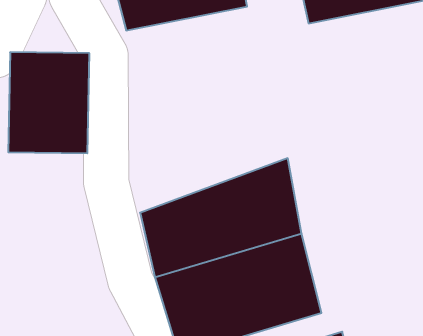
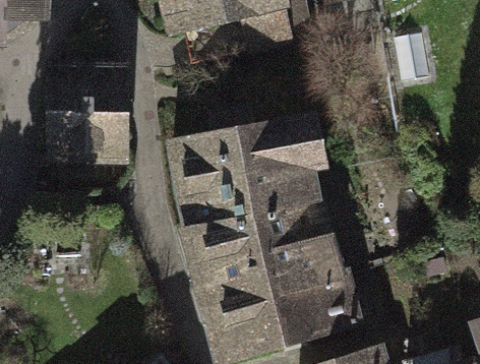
building: none -> [164,109,333,222]

